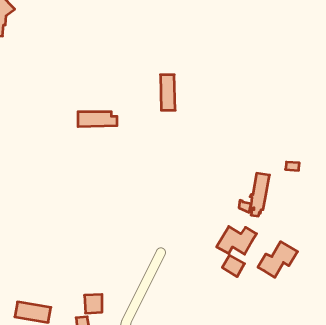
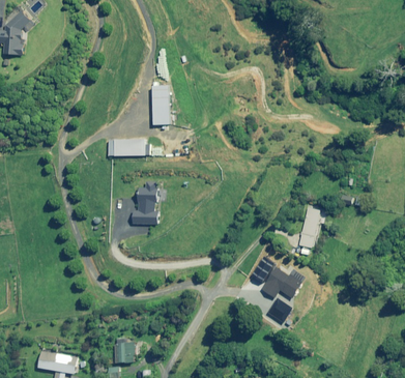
building: [160,75,175,110] -> [152,85,169,124]
building: none -> [134,181,158,224]
building: [258,242,298,277] -> none

